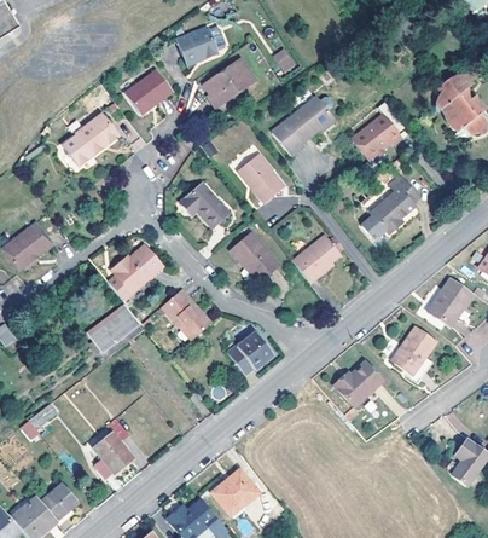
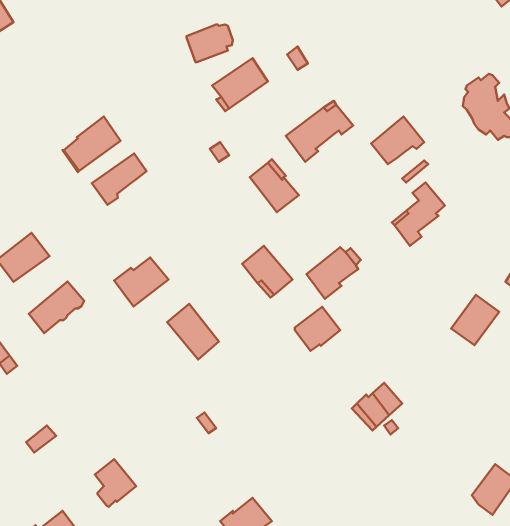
building: [128,71,173,114] -> none
building: none -> [92,153,147,205]
building: [182,183,230,227] -> none
building: [88,301,140,349] -> [29,281,84,333]
building: [390,328,435,384] -> none
building: [231,332,273,374] -> [295,307,340,351]

